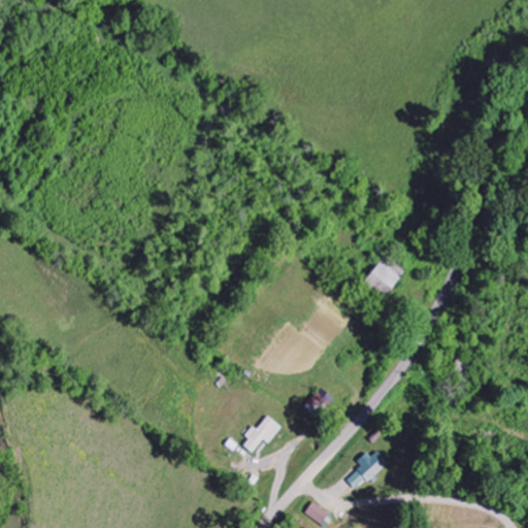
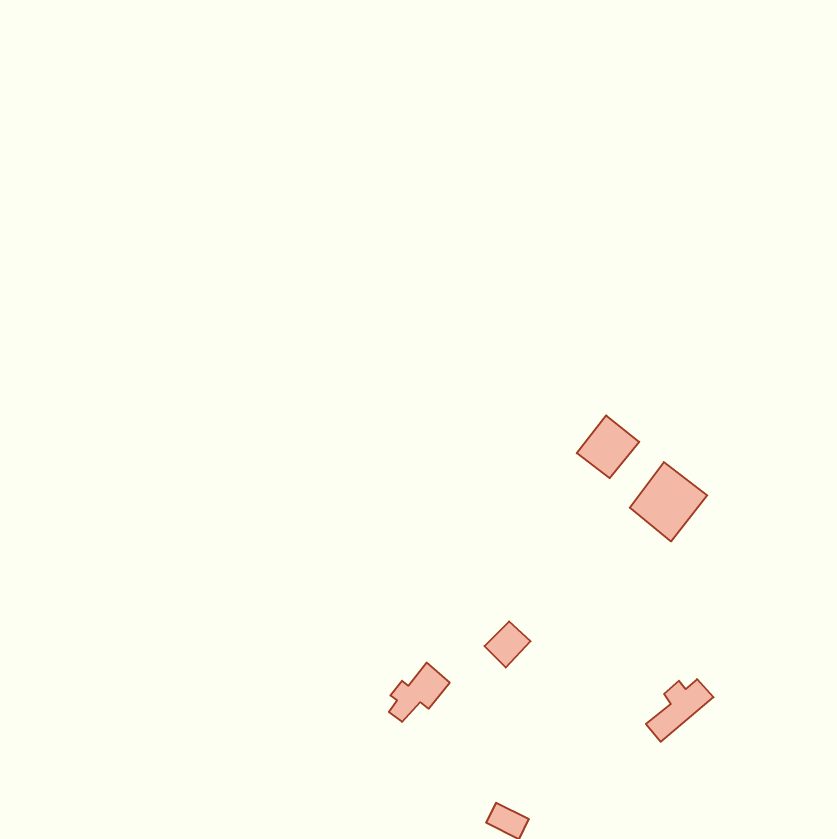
building: none -> [630,462,707,541]
building: [345,451,388,490] -> [646,679,714,742]

